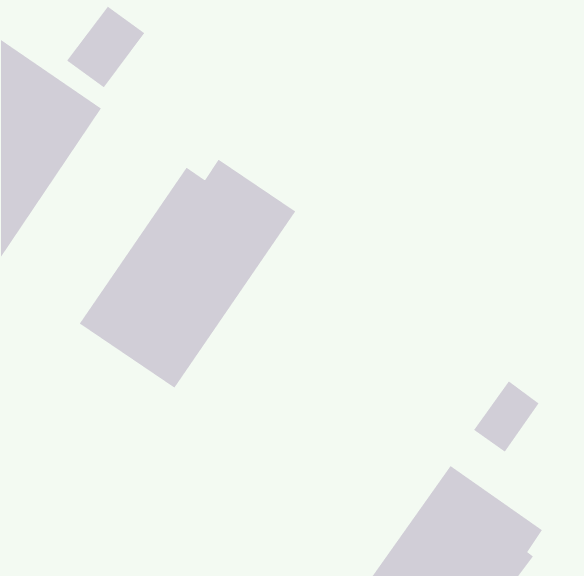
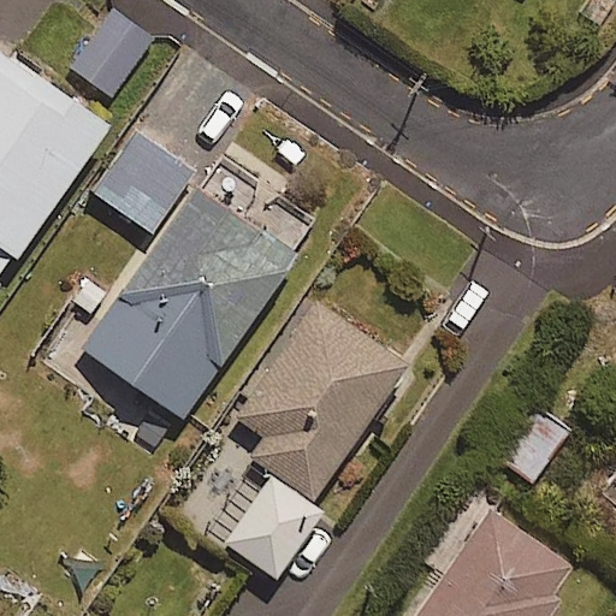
building: none -> [93,135,192,236]
building: none -> [236,303,405,499]
building: none -> [224,478,322,581]

